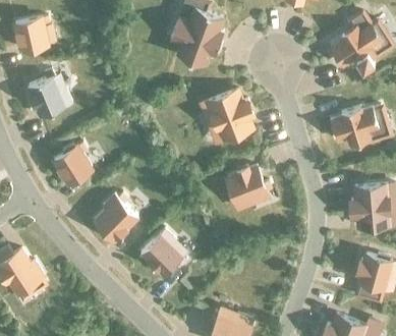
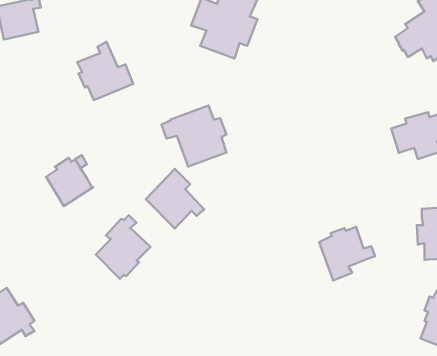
building: [27,71,72,118] -> [77,42,133,100]
building: [201,92,252,141] -> [162,105,226,166]
building: [227,168,272,211] -> [319,227,375,280]
building: [140,230,187,278] -> [146,169,204,229]

